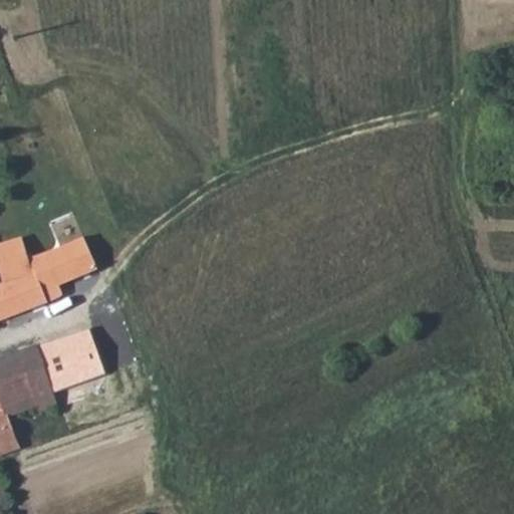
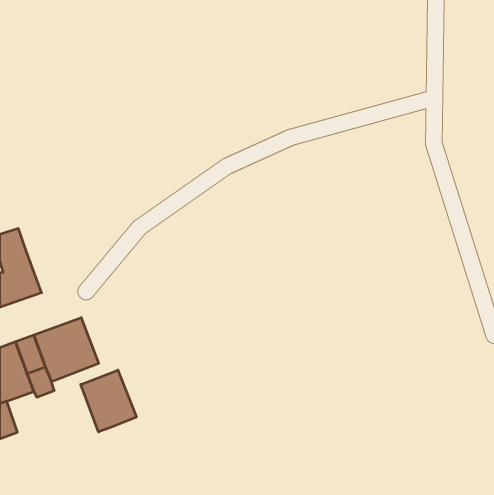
building: [27,237,96,303] -> none
building: none -> [81,370,136,432]

